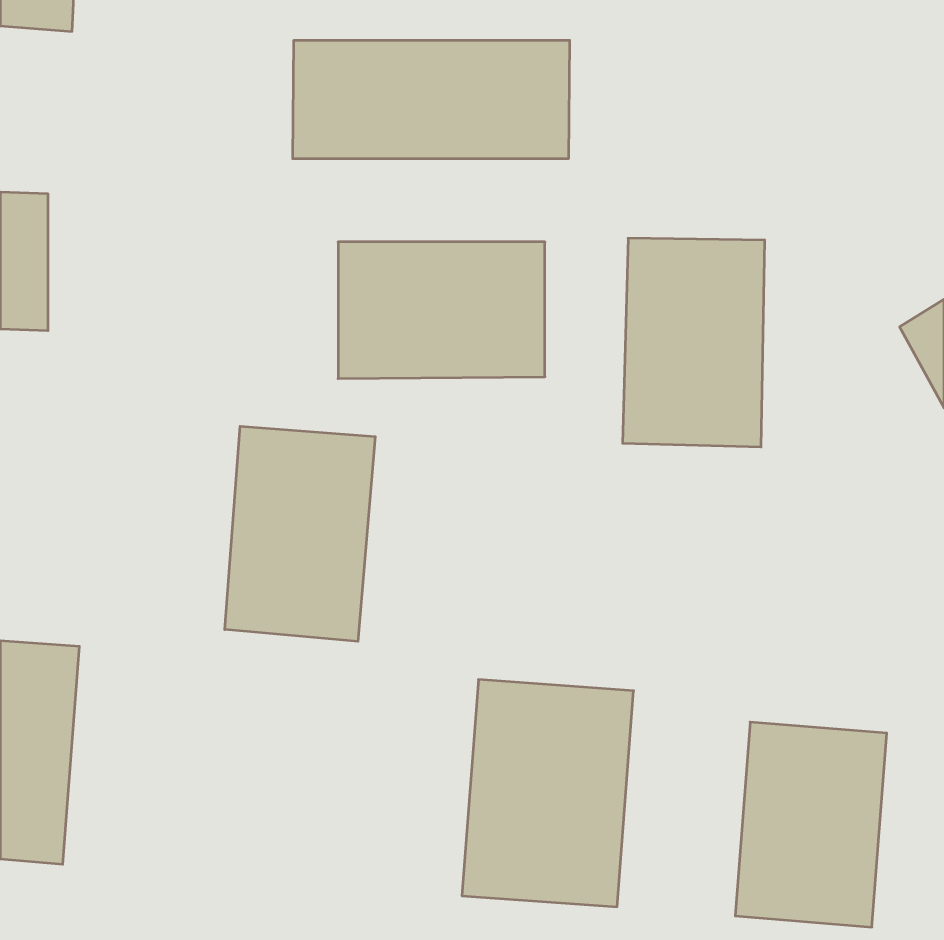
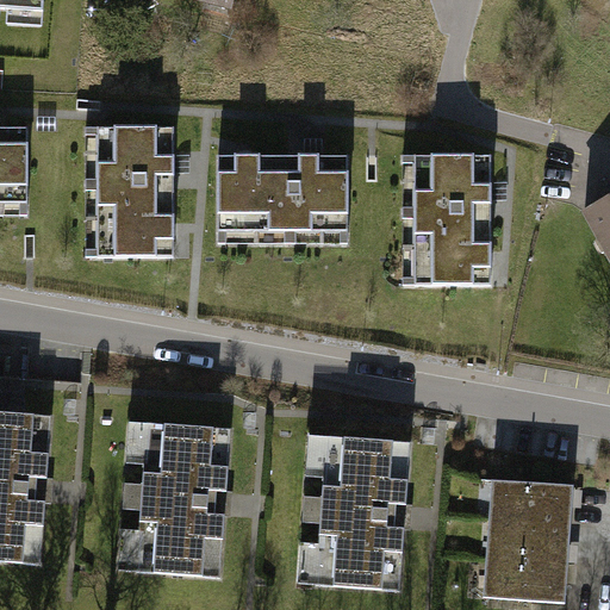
building: [293,40,570,159] -> none
building: none -> [87,125,175,259]
building: [225,426,375,641] -> none
building: none -> [119,424,230,572]

